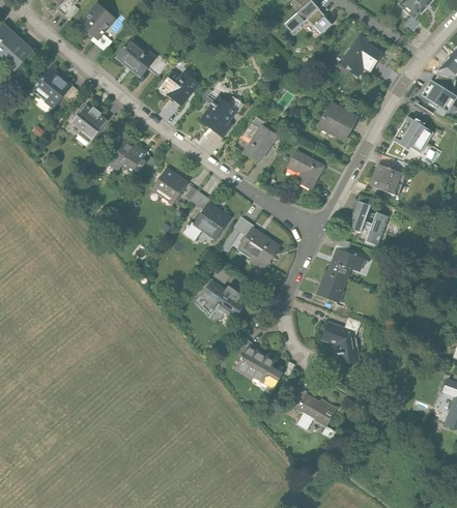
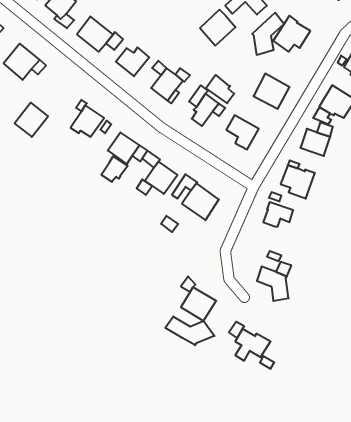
building: none -> [200,10,236,46]
building: none -> [252,13,284,55]
building: none -> [206,75,234,103]
building: [69,103,108,143] -> [15,103,48,137]
building: none -> [101,156,128,182]
building: [317,270,343,302] -> none
building: [201,279,247,320] -> none
building: none -> [165,316,215,345]

